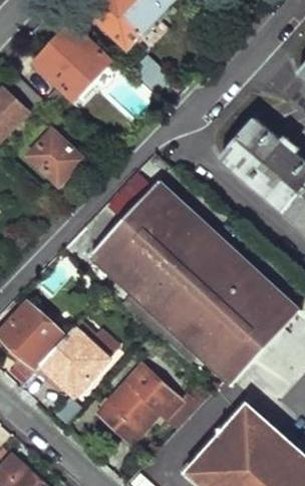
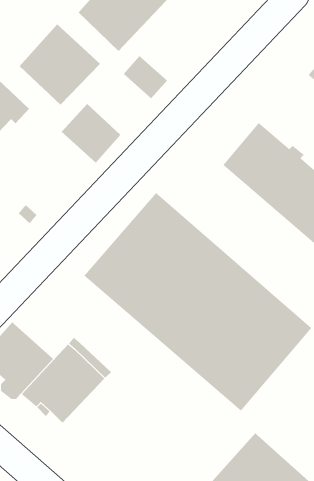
building: [26,133,81,188] -> [61,103,121,163]
building: [98,365,199,442] -> none

